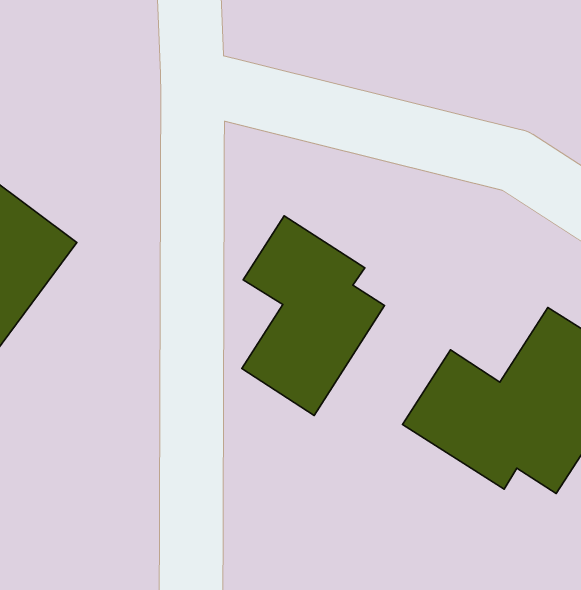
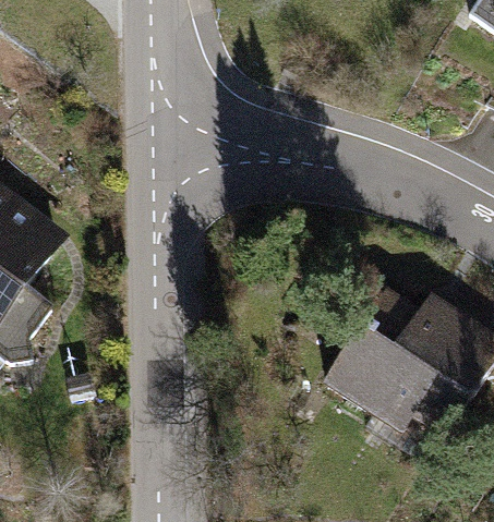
building: [242,216,384,416] -> none

